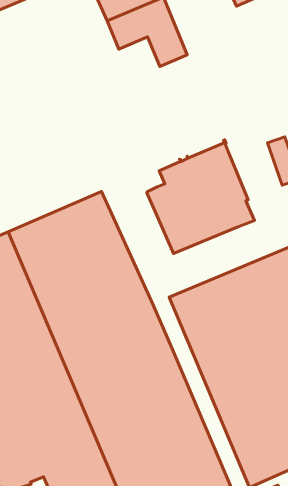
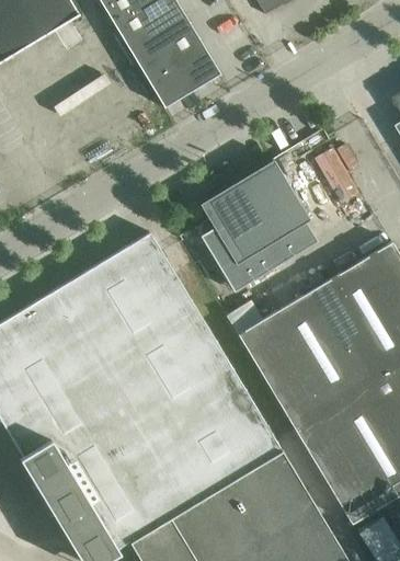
building: none -> [146,61,192,107]

